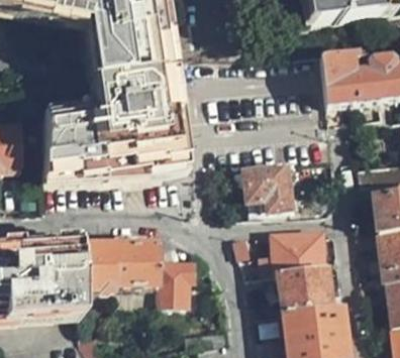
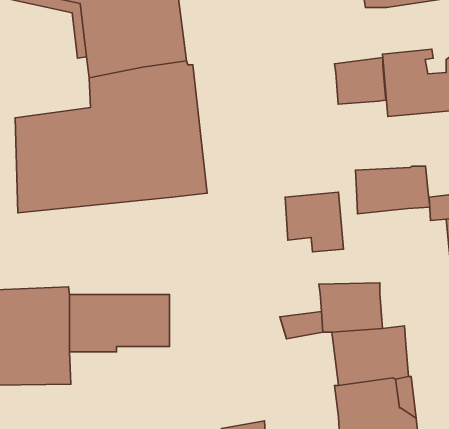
building: none -> [334,57,386,104]
building: none -> [355,166,430,214]
building: [157,261,192,304] -> none

